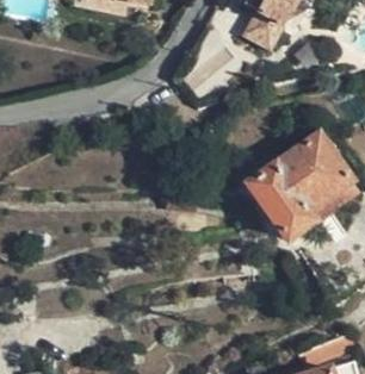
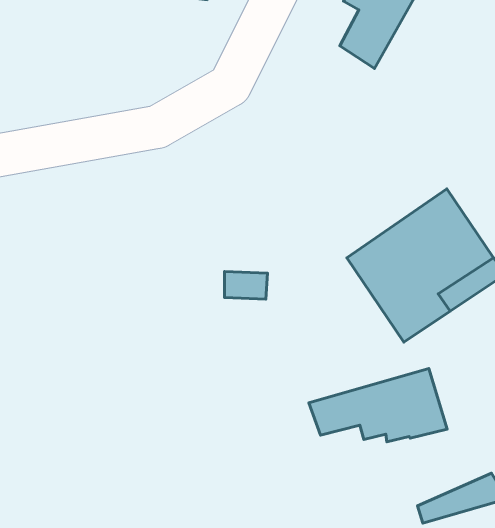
building: none -> [309,369,447,442]

